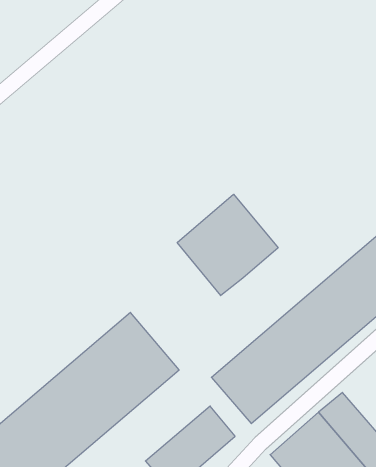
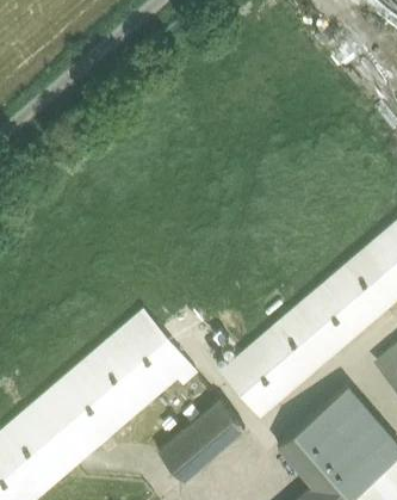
building: [177,194,278,296] -> none

